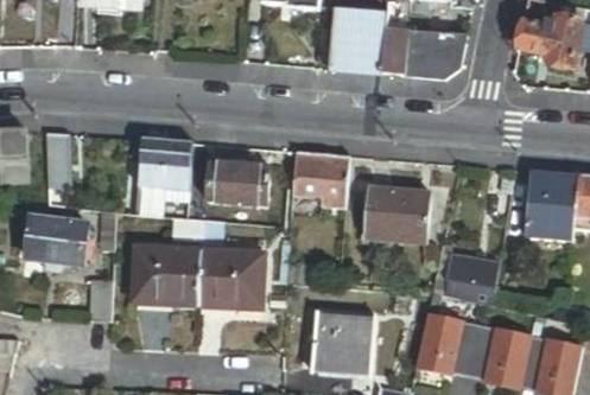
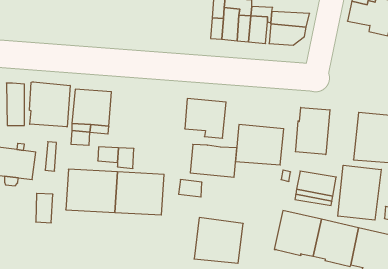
building: none -> [29,82,70,127]
building: [205,163,269,208] -> [190,144,237,177]
building: none -> [295,107,330,155]
building: none -> [338,165,381,220]

